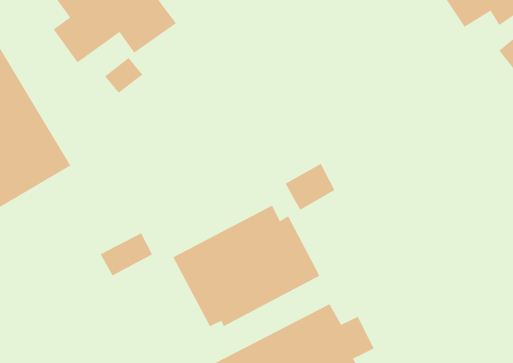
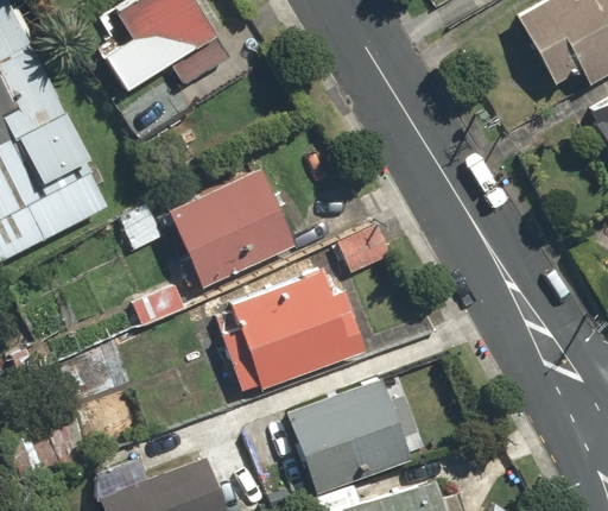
building: none -> [164,165,298,291]

